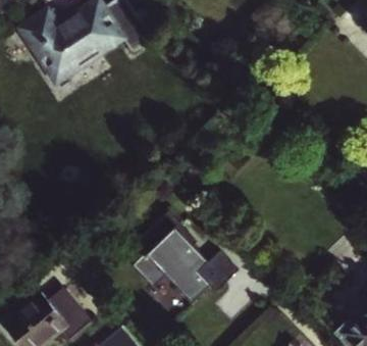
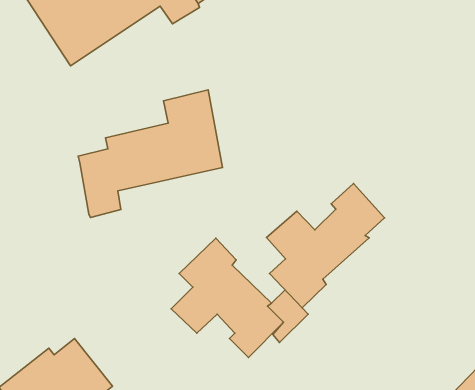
building: none -> [78,90,222,218]
building: none -> [267,183,384,308]

